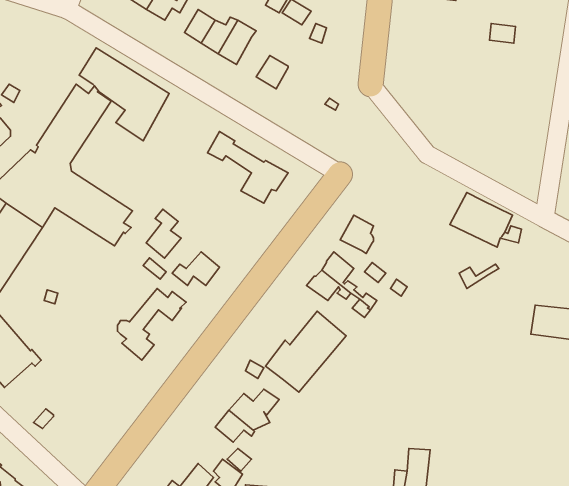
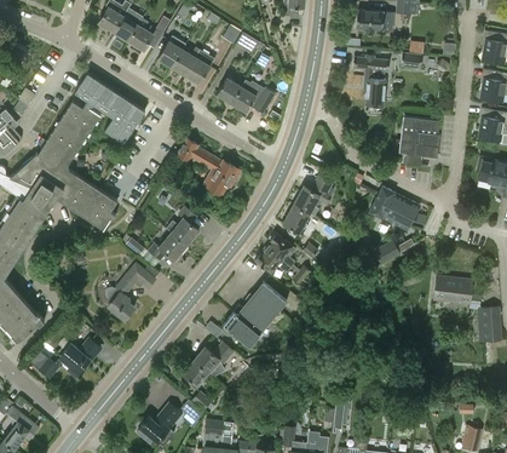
building: none -> [353,57,388,107]
building: none -> [231,80,275,114]
building: none -> [398,114,439,167]
building: none -> [293,173,332,217]
building: [146,209,181,258] -> [172,207,200,246]
building: none -> [61,338,102,375]

